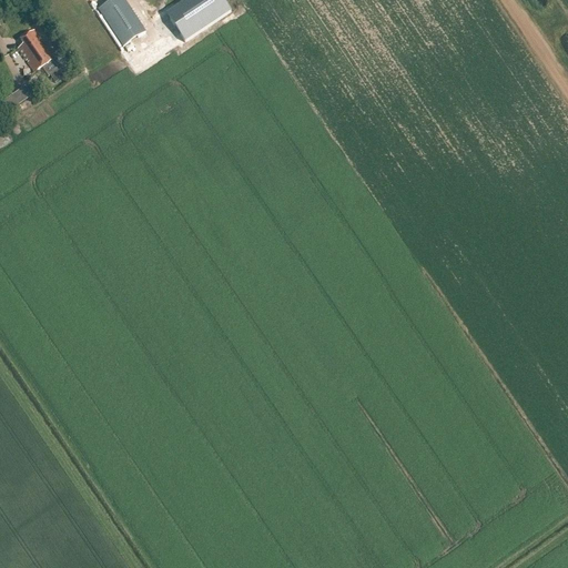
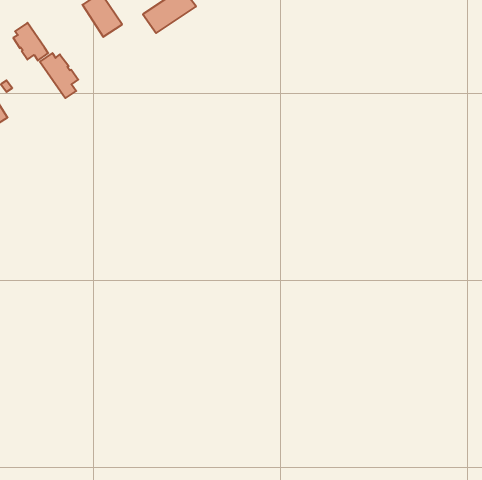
building: none -> [40,53,78,98]

